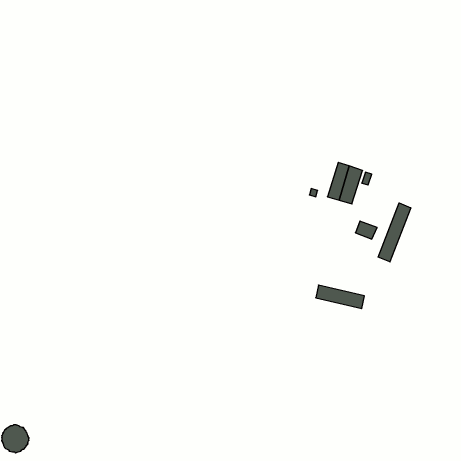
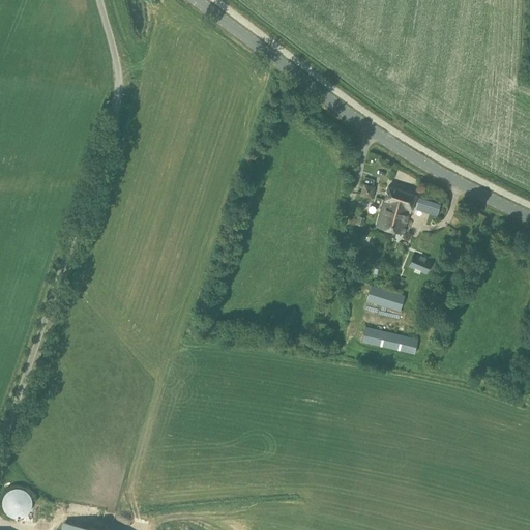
building: [378,203,411,262] -> none
building: none -> [366,285,405,312]

